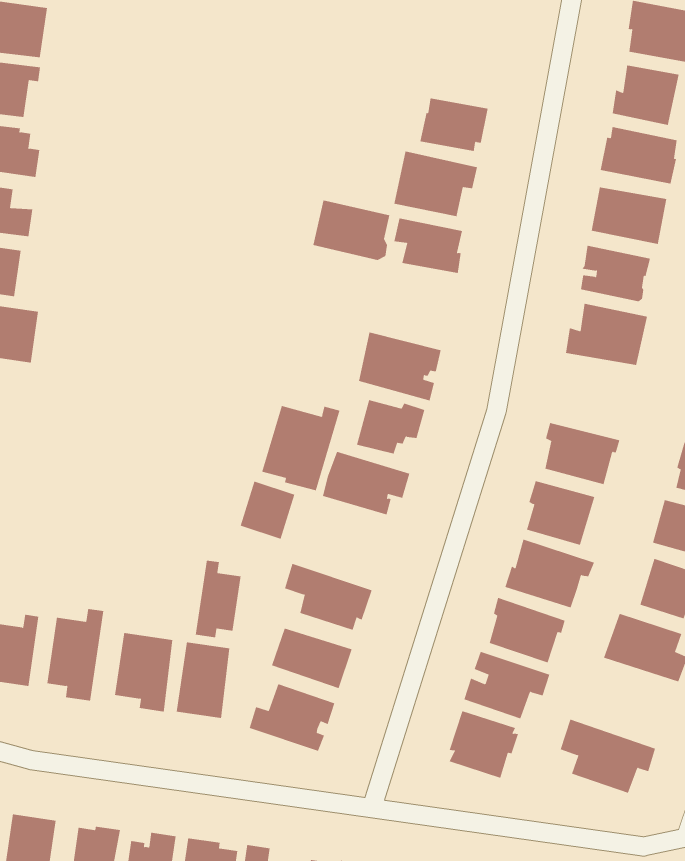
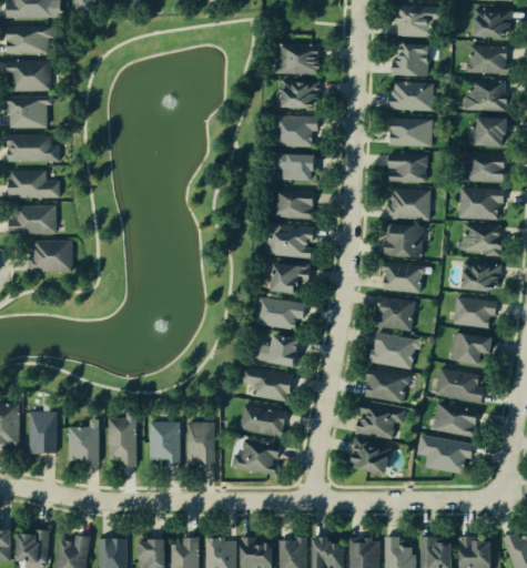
building: none -> [274,43,322,74]
building: [312,200,390,261] -> [270,189,314,220]
building: none -> [385,224,424,256]
building: [261,405,340,491] -> none
building: [240,481,295,539] -> [268,335,298,367]
building: [195,560,241,638] -> none
building: none -> [433,403,478,437]

